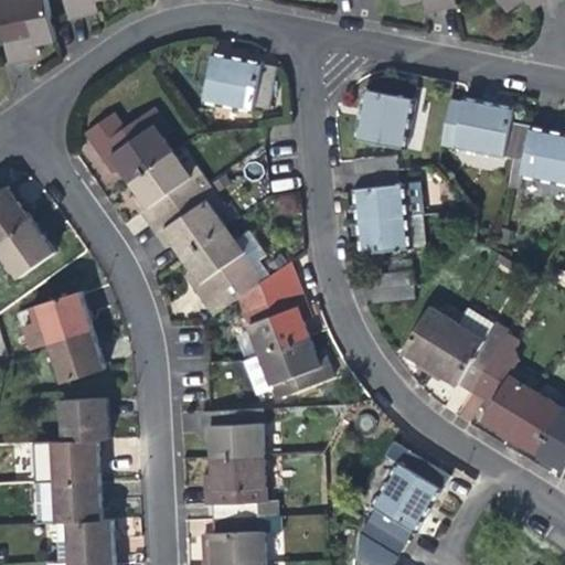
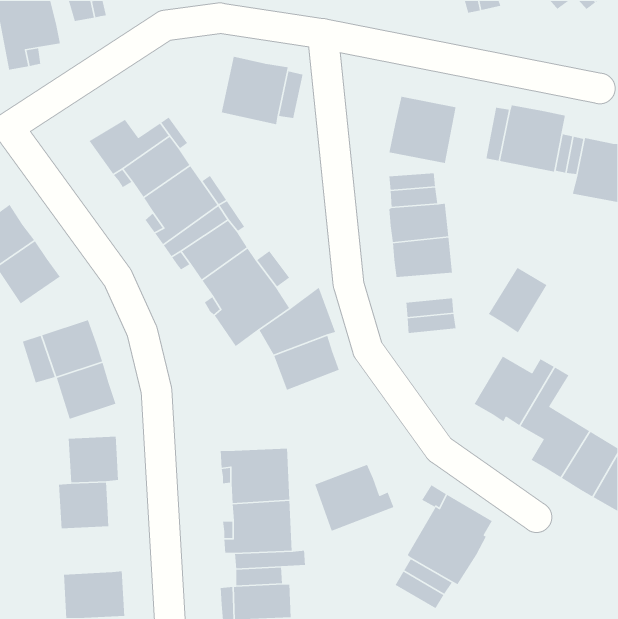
building: [403,308,457,369] -> [488,267,547,333]
building: [260,338,333,399] -> [314,464,394,532]
building: [35,480,102,524] -> none

